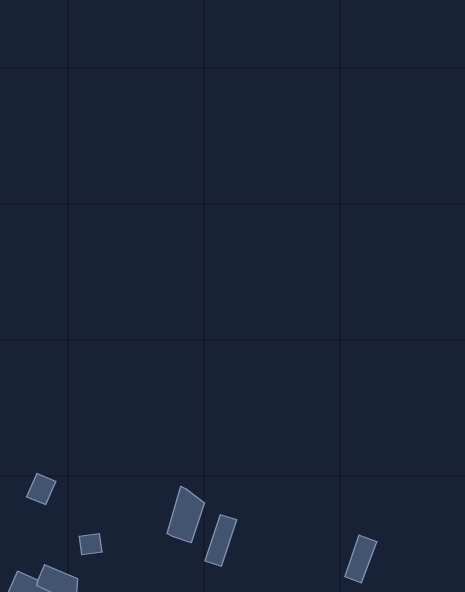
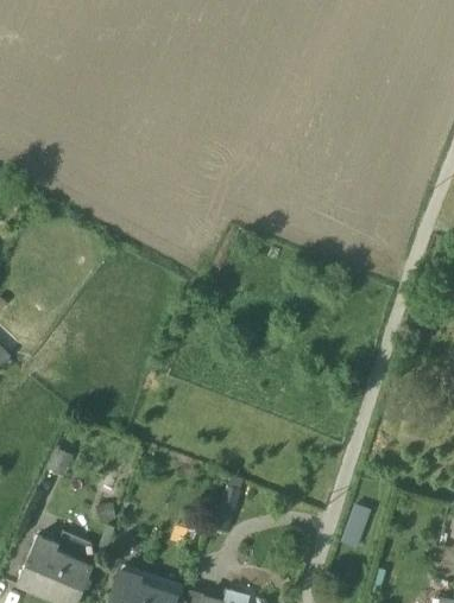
building: [167,486,204,543] -> none

